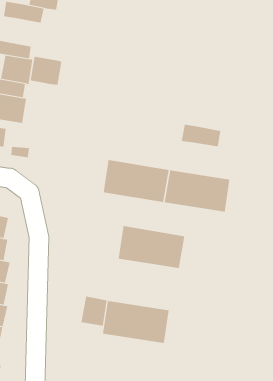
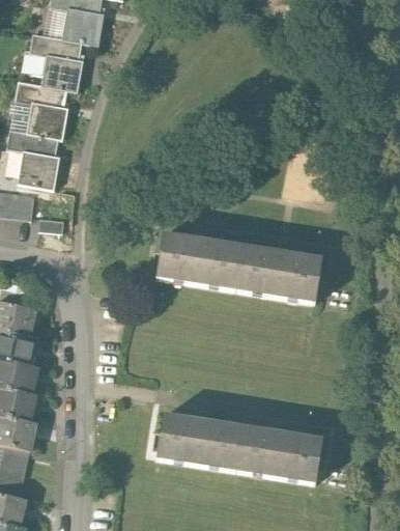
building: [30,56,62,85] -> [38,53,80,90]
building: [181,124,221,147] -> none
building: [118,226,185,269] -> [235,426,321,481]
building: [81,296,107,326] -> none

